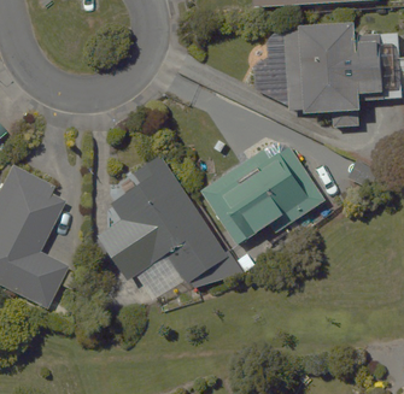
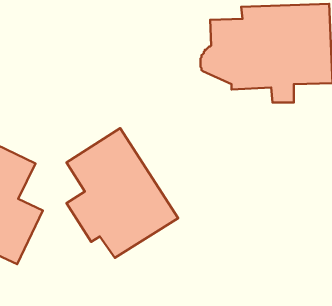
building: [199,139,318,246] -> none

